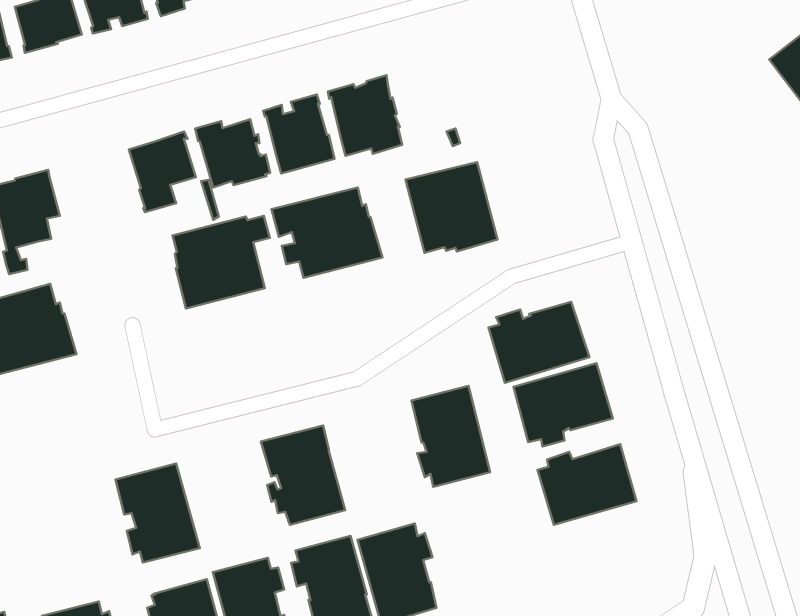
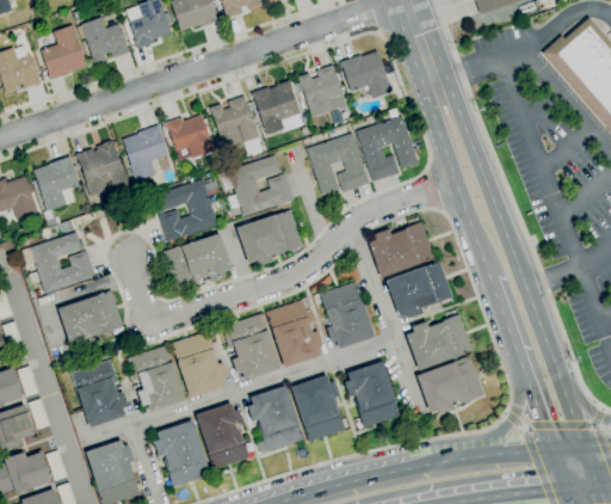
building: none -> [340,50,391,97]
building: none -> [295,63,346,116]
building: none -> [357,115,419,182]
building: none -> [75,140,131,195]
building: none -> [236,209,303,266]
building: none -> [165,233,232,290]
building: none -> [57,289,124,346]
building: none -> [266,299,322,367]
building: none -> [172,331,228,398]
building: none -> [72,358,128,426]
building: none -> [415,355,485,413]
building: none -> [344,361,401,426]

